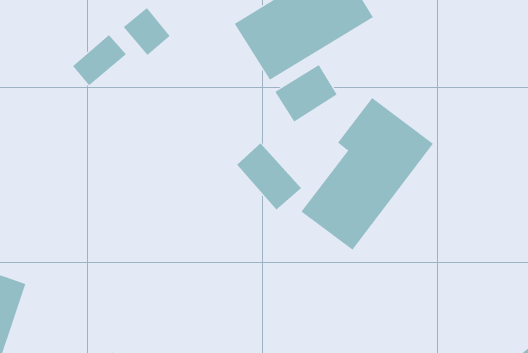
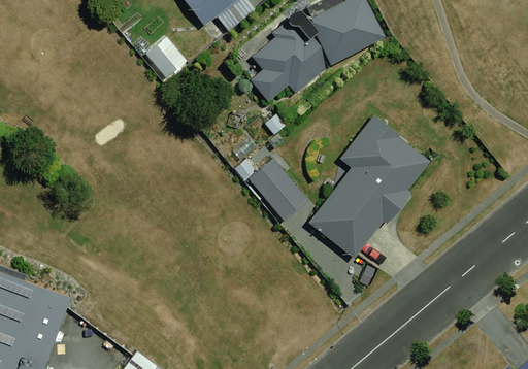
building: [72,34,127,86] -> none
building: [274,64,338,123] -> none

